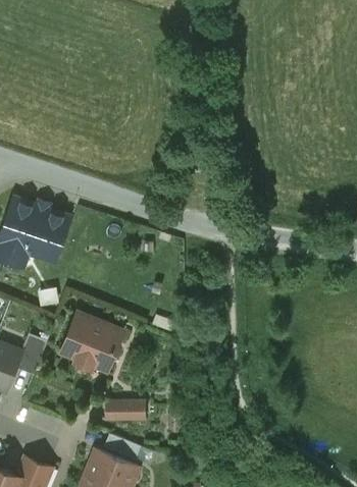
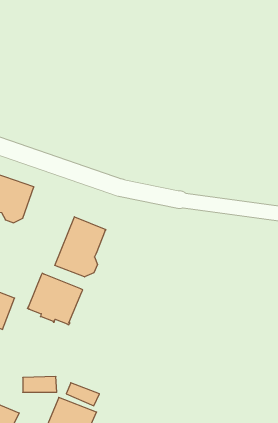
building: none -> [55,217,106,277]
building: [106,401,144,419] -> [23,377,57,392]

